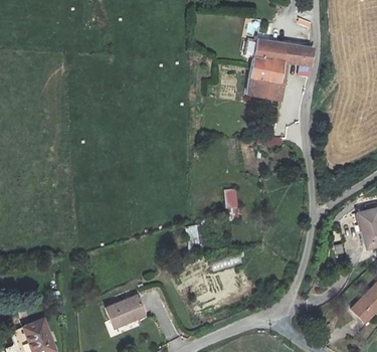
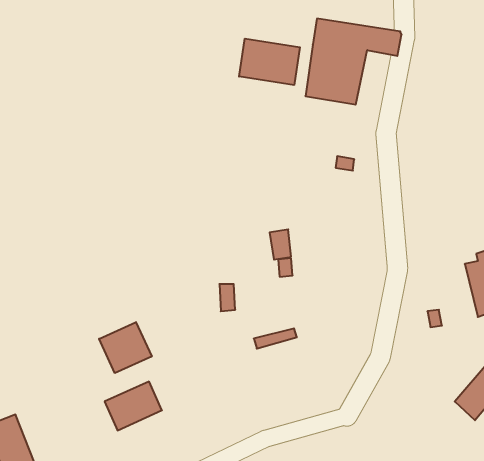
building: none -> [239,39,300,85]
building: none -> [99,322,152,373]

